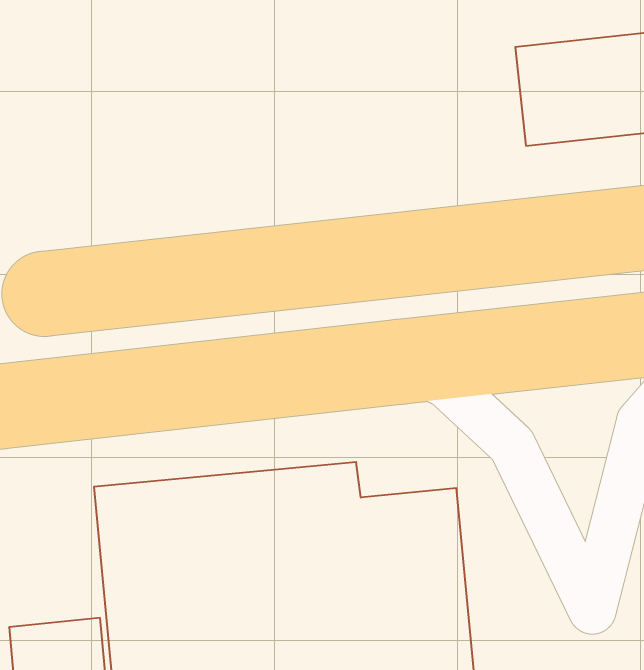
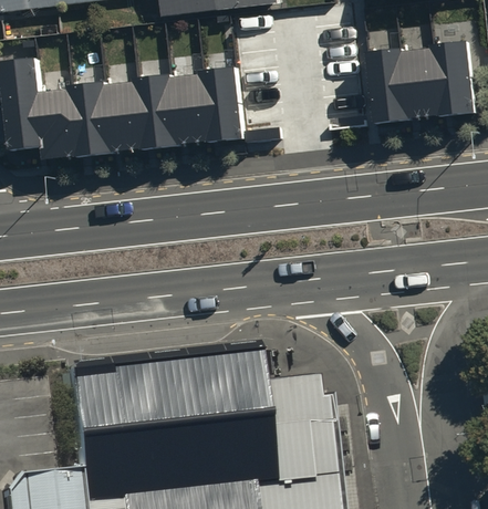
building: none -> [6,62,241,162]

